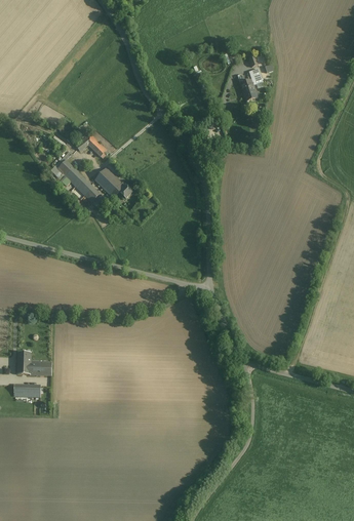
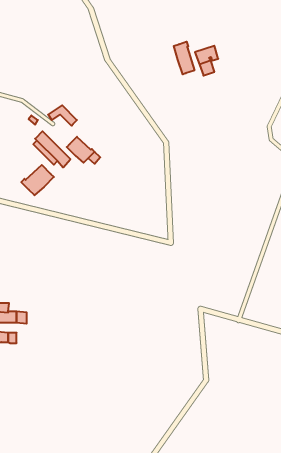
building: none -> [174,42,194,74]
building: none -> [21,165,54,195]

